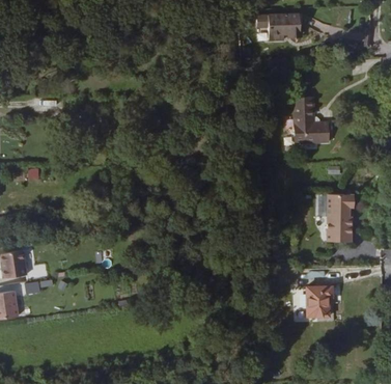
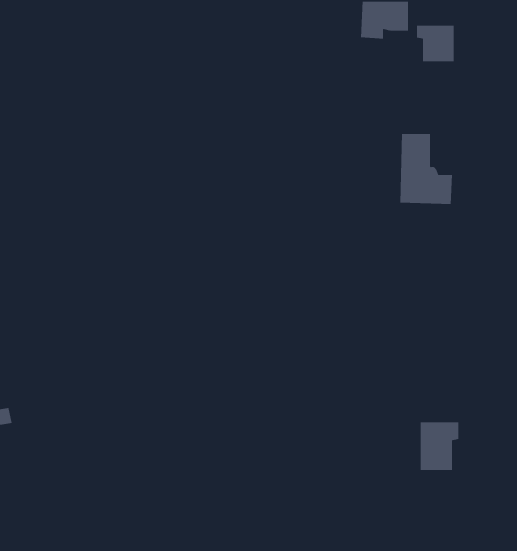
building: none -> [416,25,454,62]
building: [328,197,355,245] -> none

